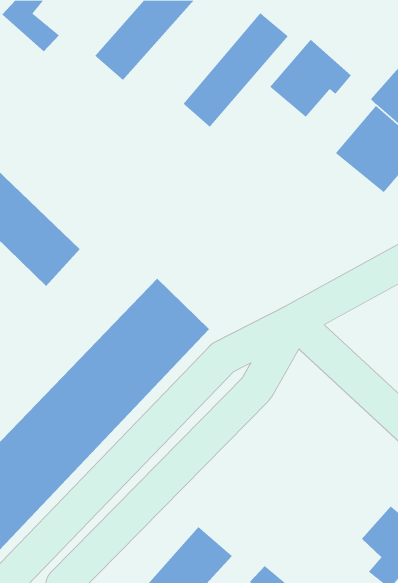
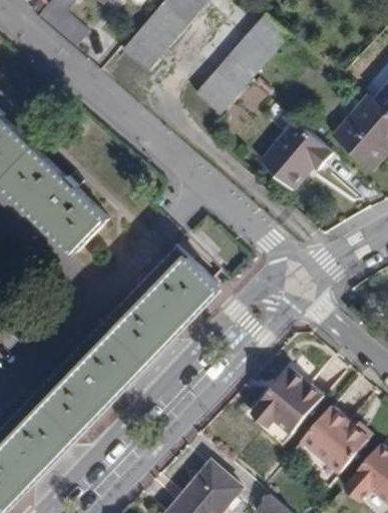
building: [269,39,352,118] -> [258,118,330,187]
building: none -> [246,355,321,443]
building: none -> [292,405,368,481]

